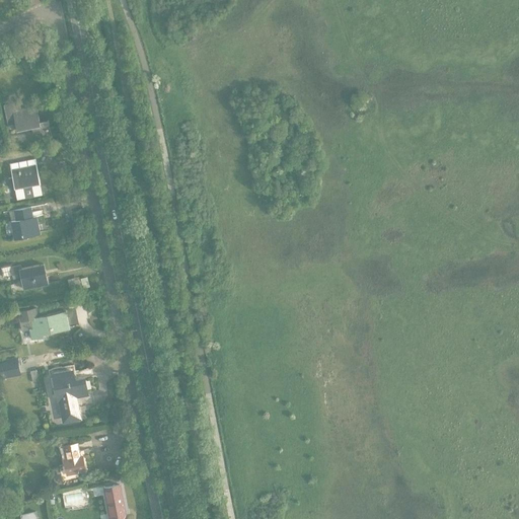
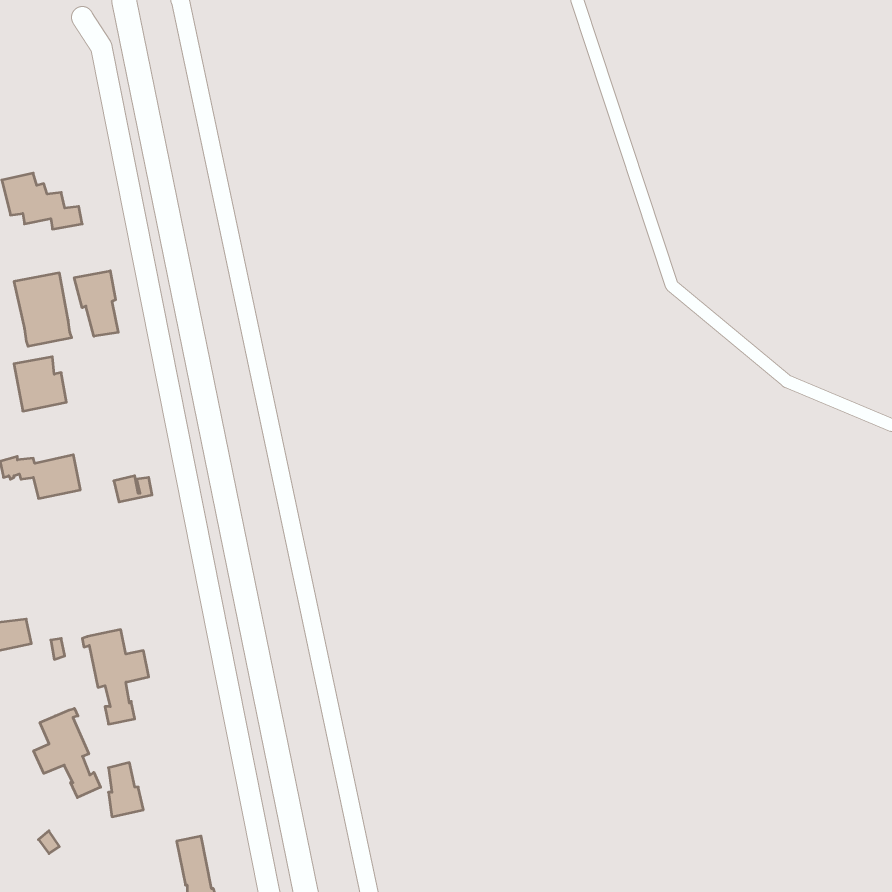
building: none -> [74,271,118,336]
building: [16,308,67,340] -> none
building: none -> [34,708,101,798]

